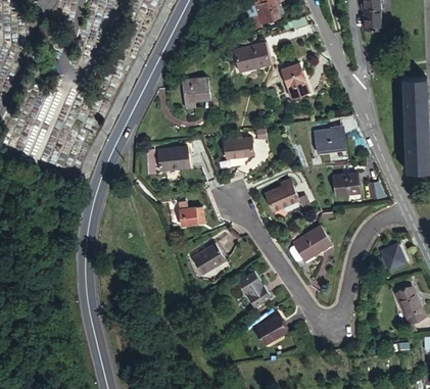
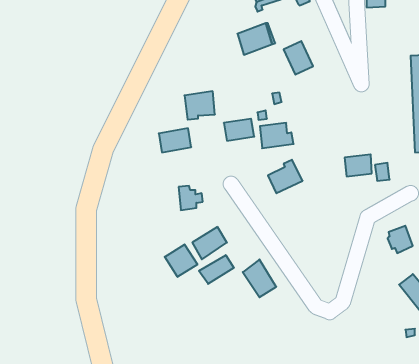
building: [181,76,210,103] -> [184,91,215,120]
building: [314,130,346,154] -> [260,123,294,148]
building: [293,227,334,262] -> none
building: none -> [165,244,197,277]
building: none -> [199,255,234,284]
building: [246,319,278,348] -> none

